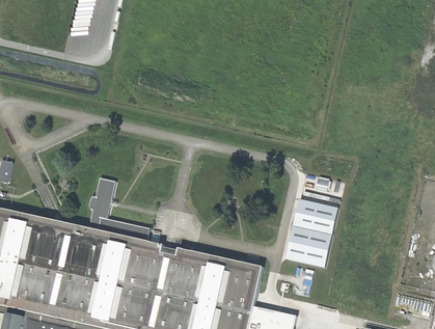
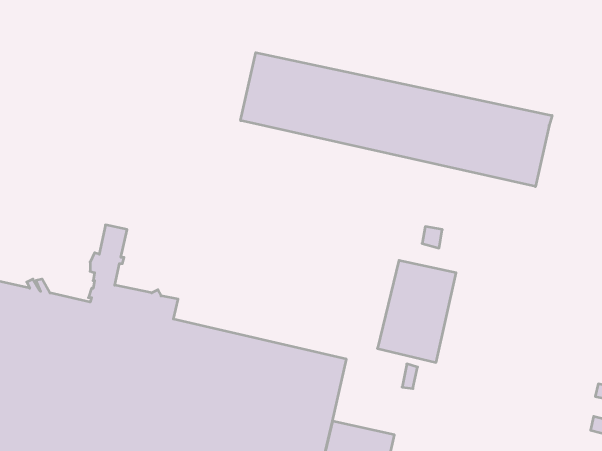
building: none -> [241,53,552,187]

